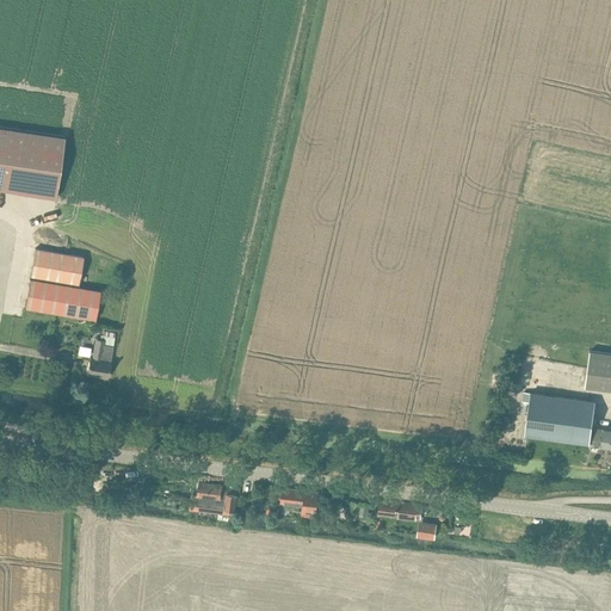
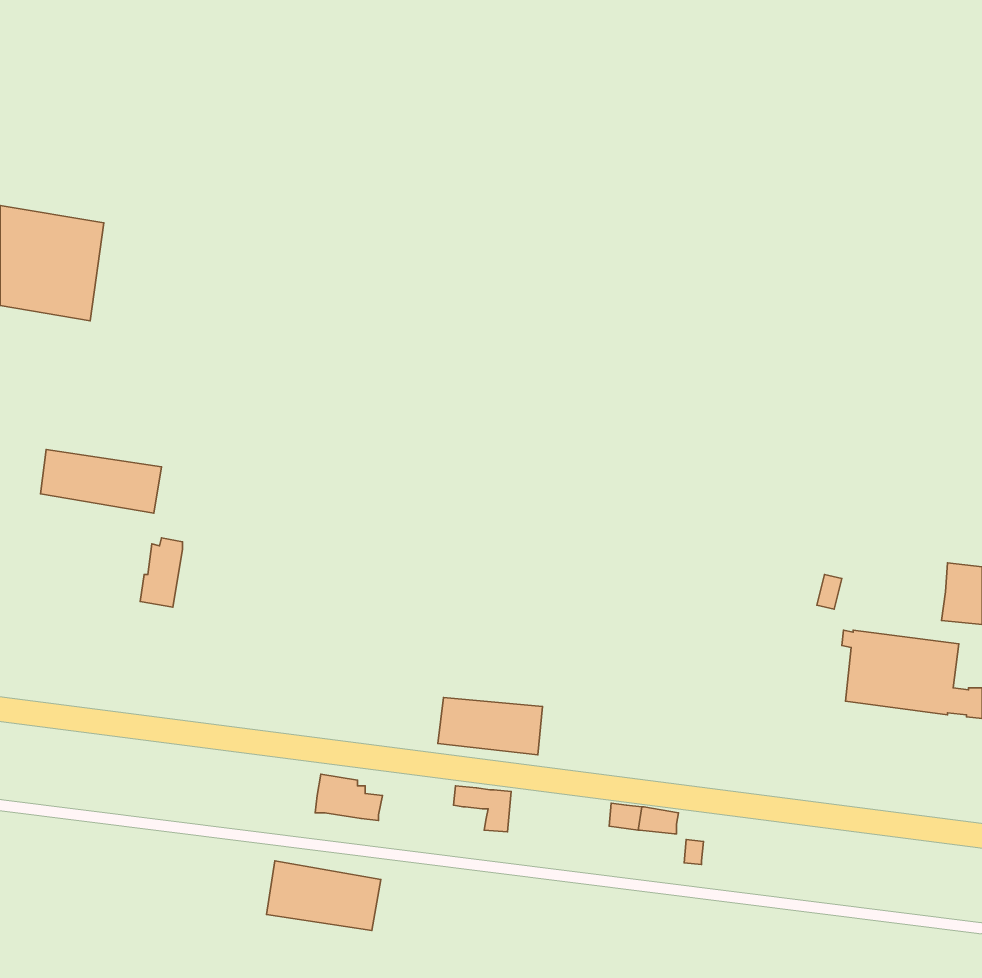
building: [30,249,82,285] -> none
building: none -> [438,697,542,755]
building: none -> [267,861,381,930]

